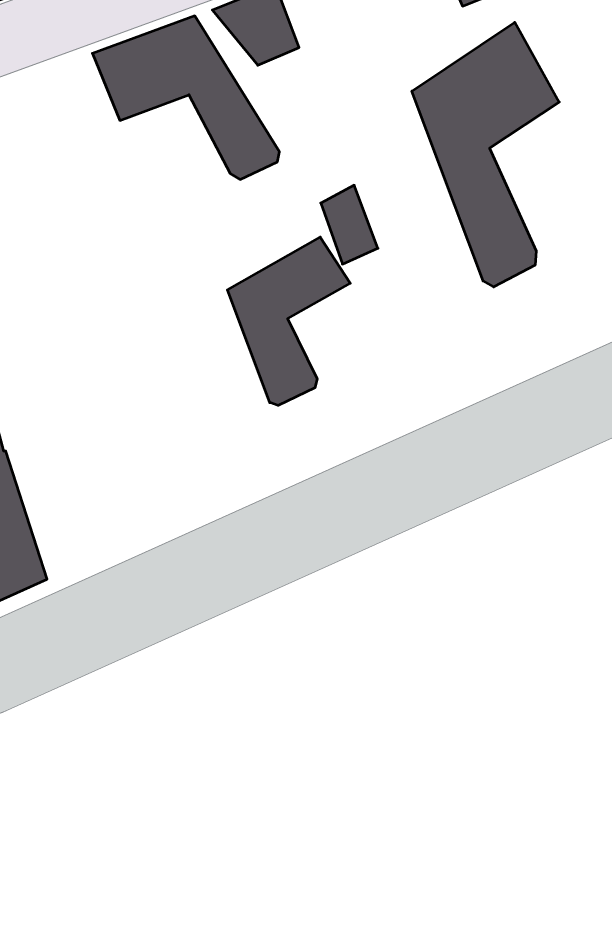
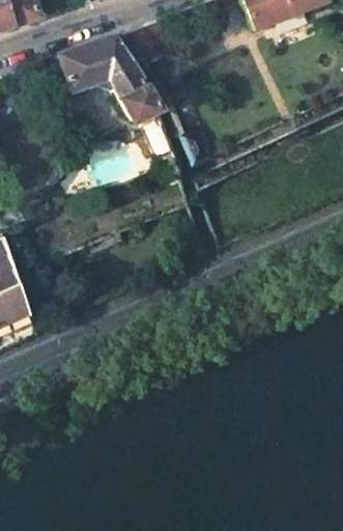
building: [412,22,559,287] -> none
building: [227,237,350,405] -> none

